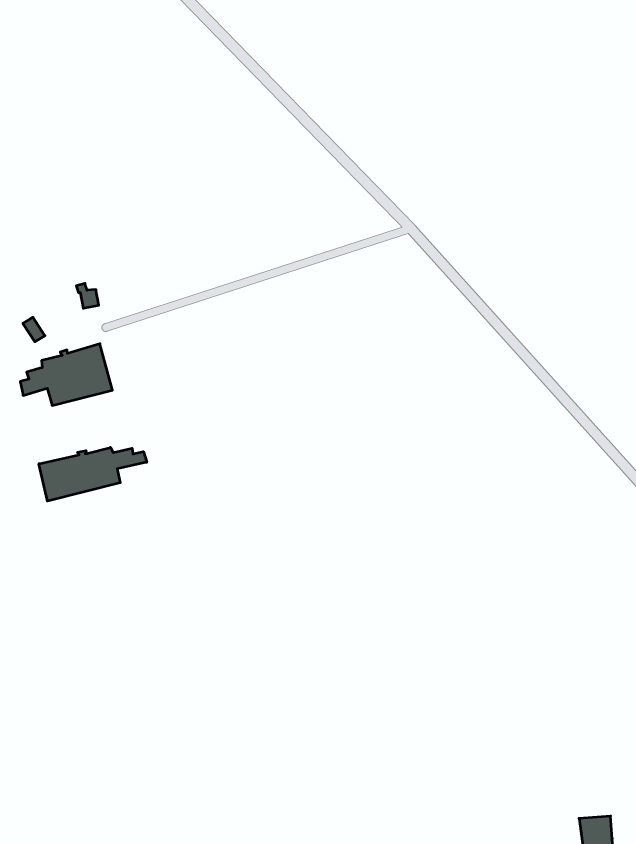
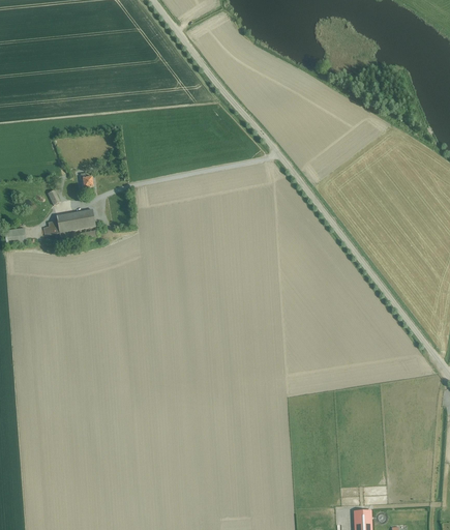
building: [39,447,147,501] -> none

